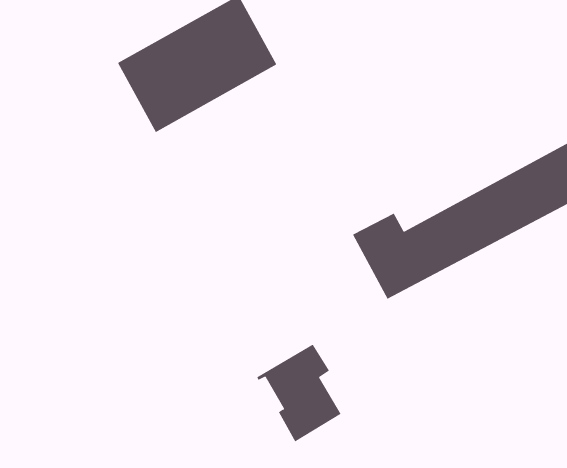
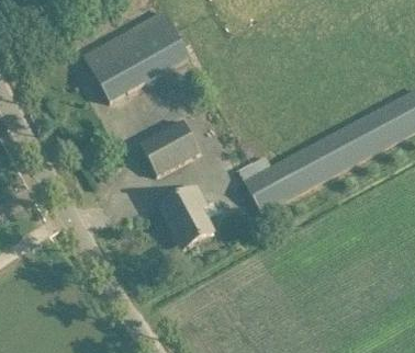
building: none -> [138,119,200,175]
building: [257,344,342,442] -> [157,184,213,249]

